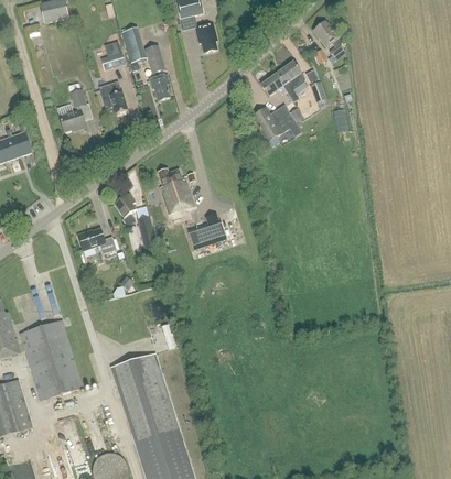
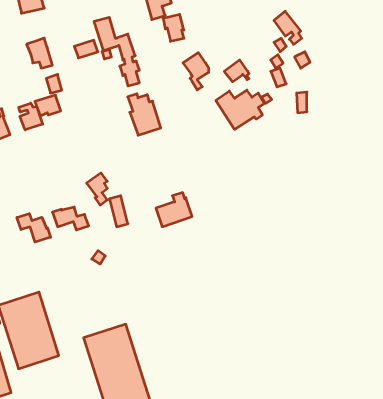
building: [276,61,303,100] -> [183,53,209,90]
building: [98,80,126,112] -> [27,38,52,68]
building: none -> [19,103,43,130]
building: [157,167,192,211] -> [128,94,161,135]
building: none -> [17,214,51,242]

